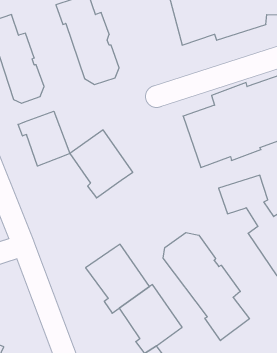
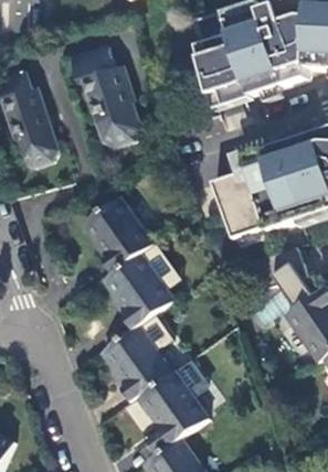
building: [18,111,70,166] -> none
building: none -> [103,249,172,325]
building: [163,233,249,341] -> none

